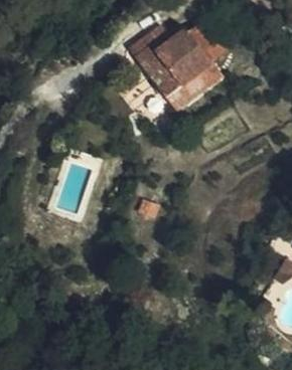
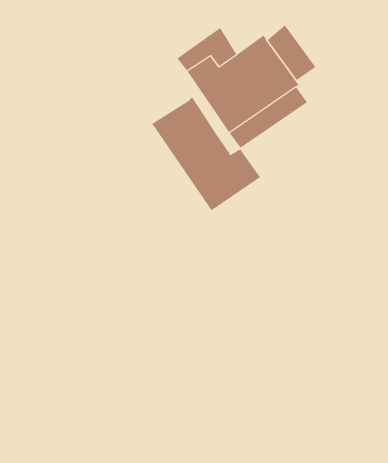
building: none -> [151,97,261,211]

